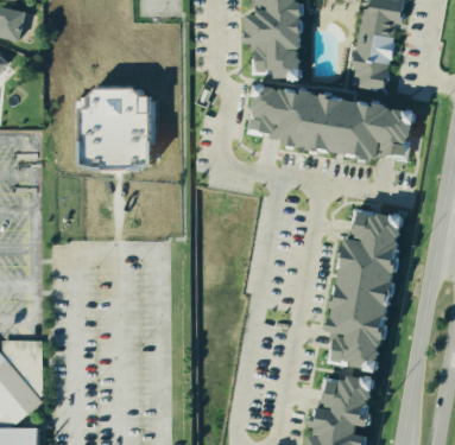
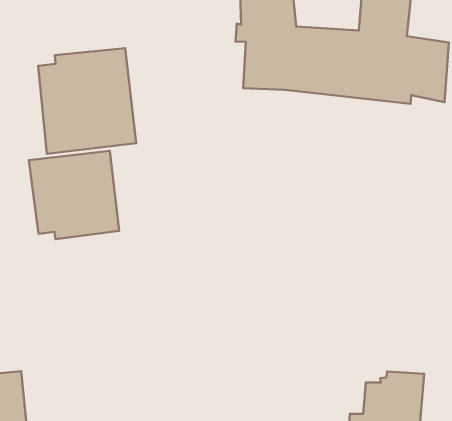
building: none -> [29,151,119,239]
building: [321,210,396,371] -> none

